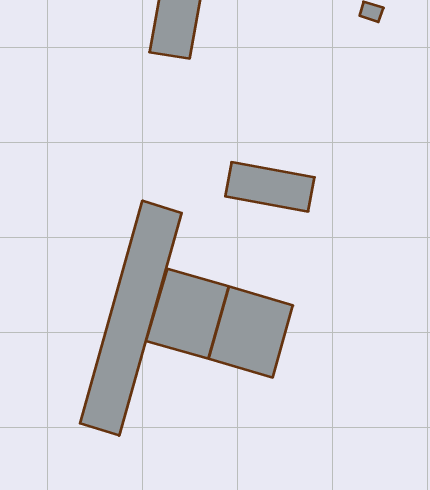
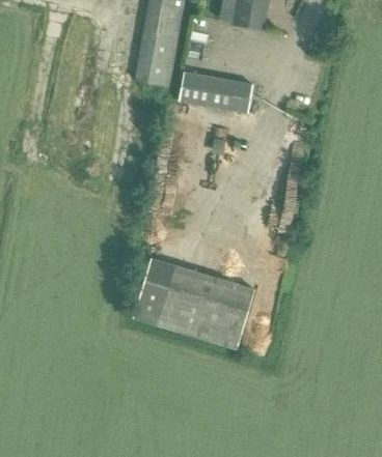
building: [225,162,315,211] -> [179,69,252,110]
building: [80,201,182,436] -> none

